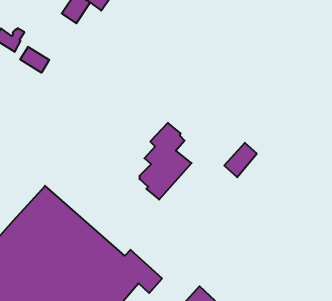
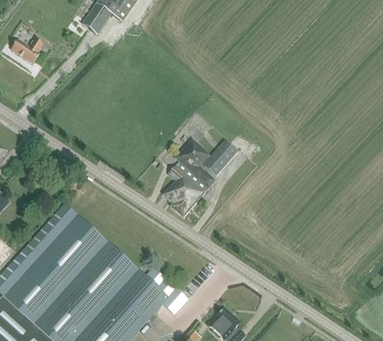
building: [20,47,49,73] -> none
building: [224,143,257,177] -> [202,141,236,177]

